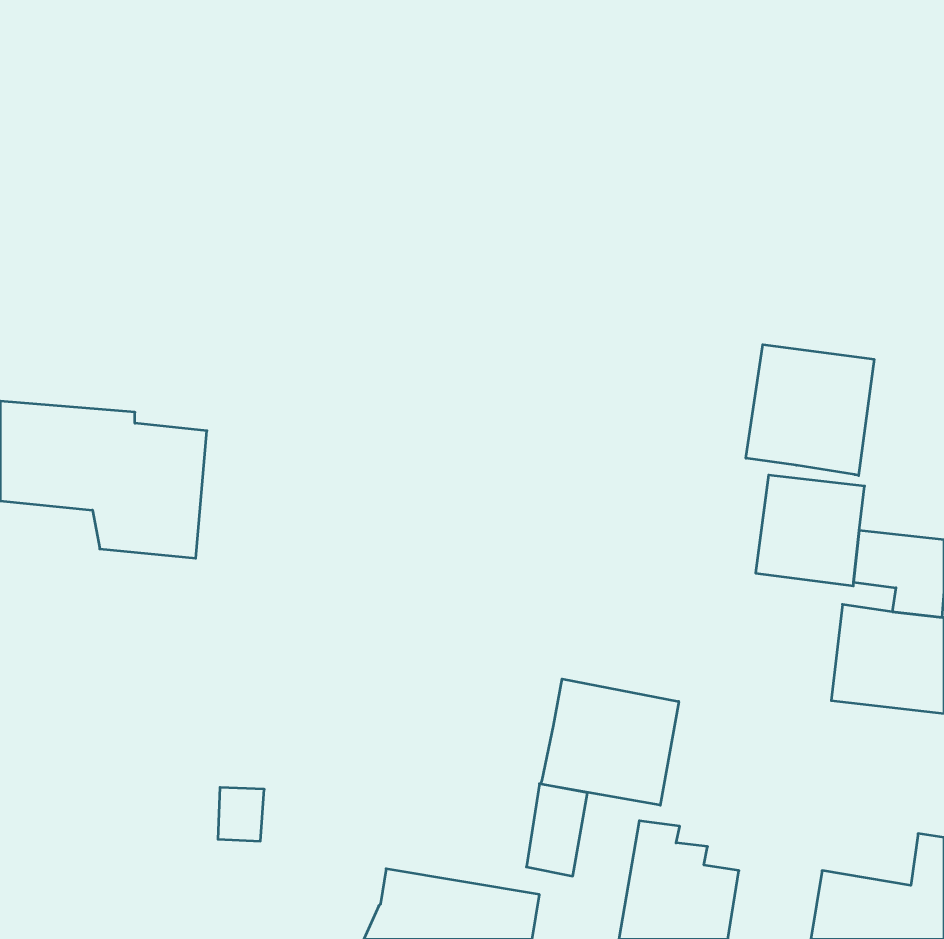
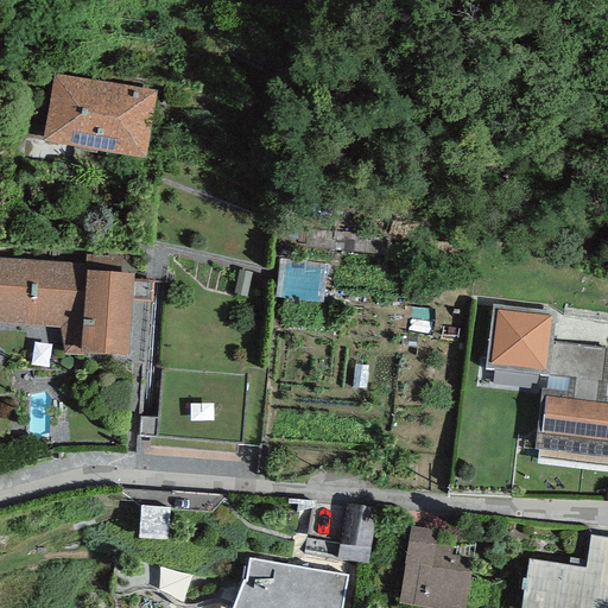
building: none -> [43,74,156,162]
building: [746,345,874,476] -> none
building: [541,679,679,805] -> none

